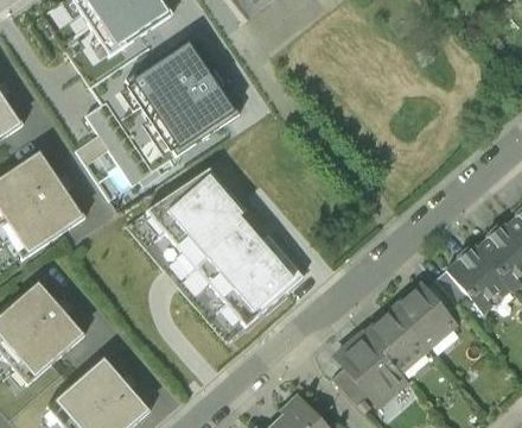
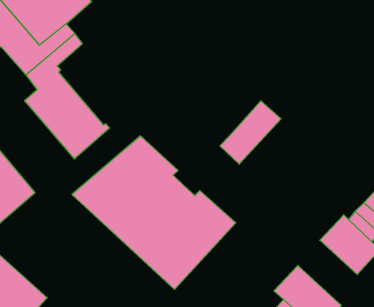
building: [126,38,240,156] -> none
building: none -> [220,101,281,164]
building: [365,307,429,373] -> none

